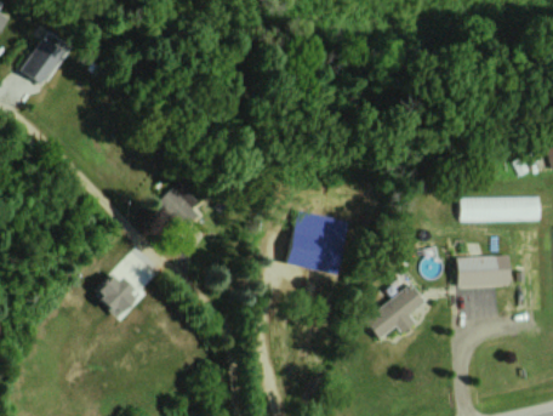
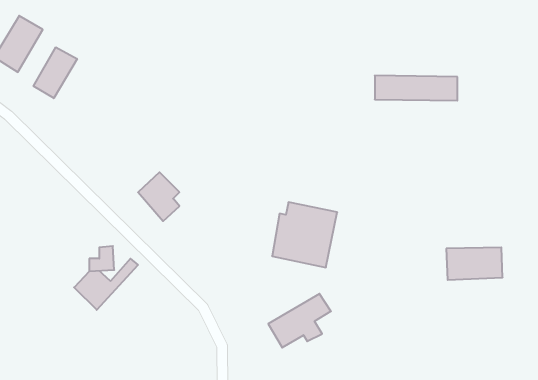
building: none -> [34,47,77,98]
building: [461,198,541,222] -> [375,76,457,101]
building: [365,287,426,340] -> [268,294,331,348]

